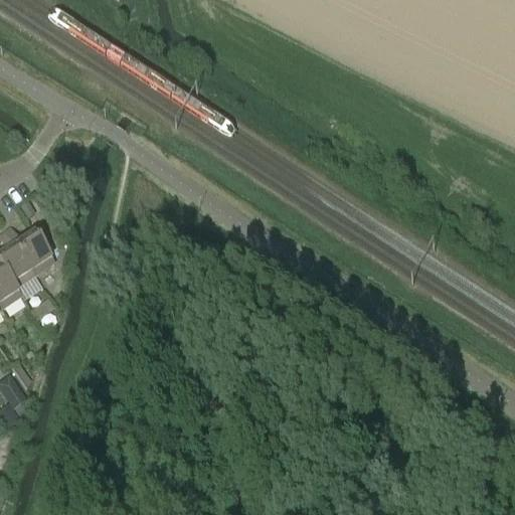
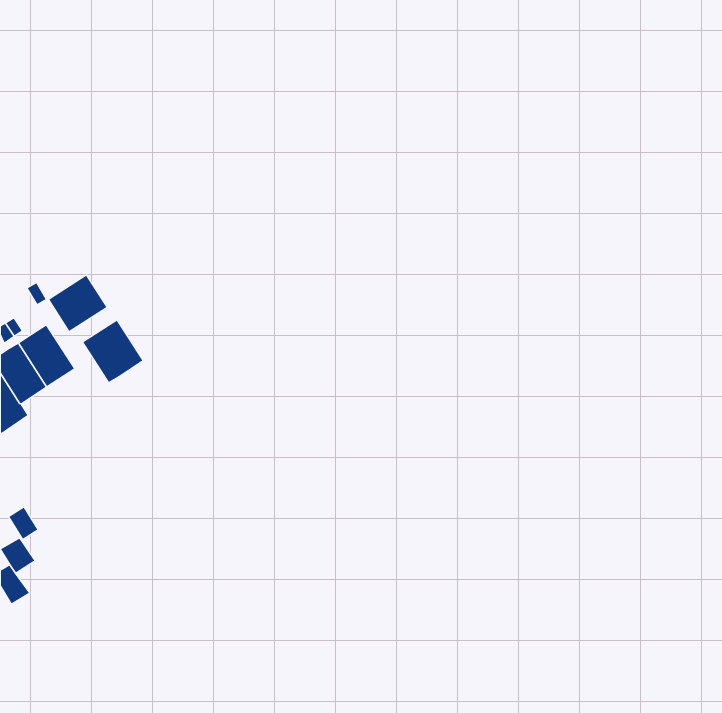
building: none -> [48,275,107,332]
building: none -> [82,320,143,383]

